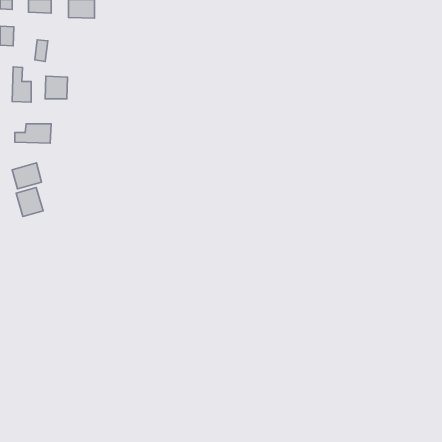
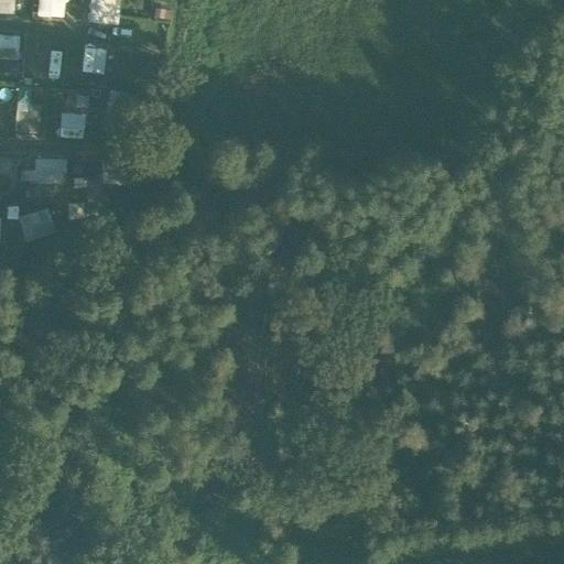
building: none -> [79,46,107,73]
building: [16,187,43,217] -> none

